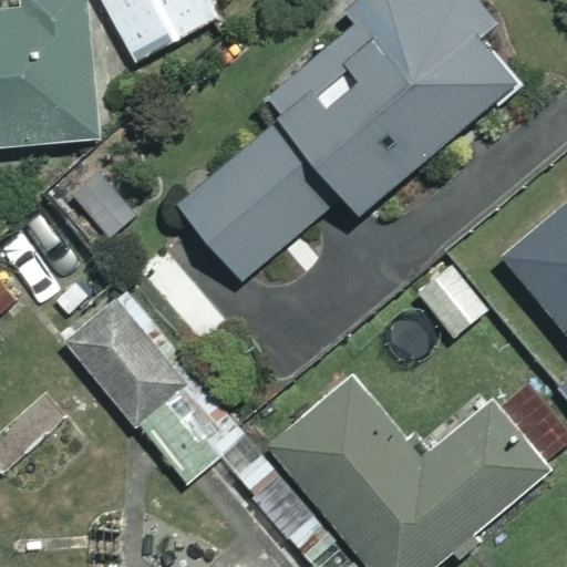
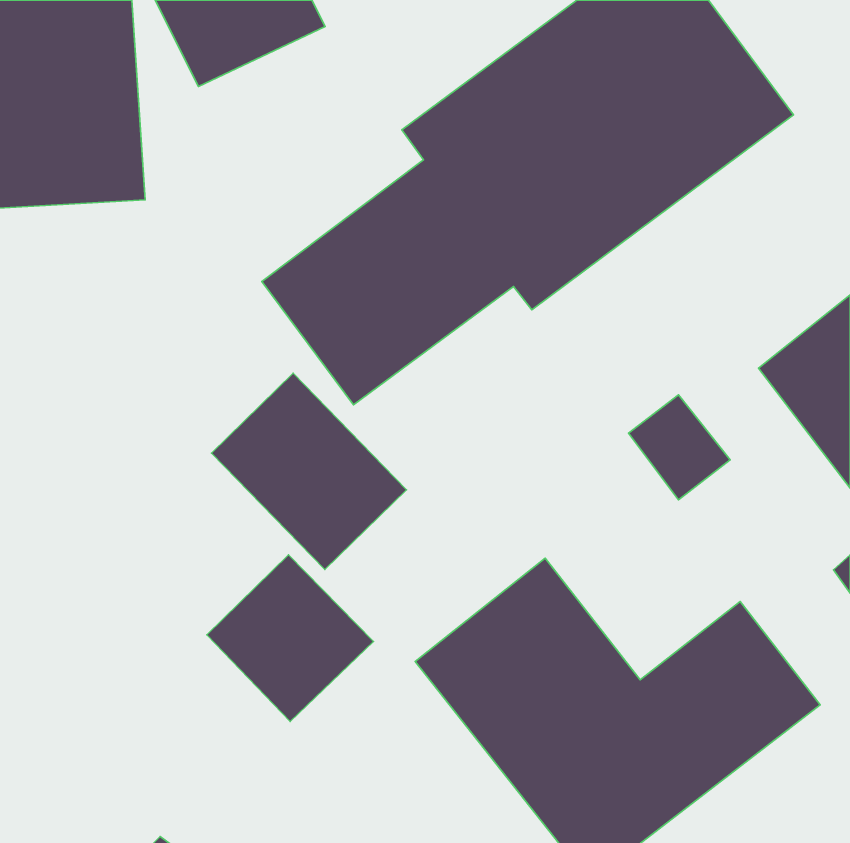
building: [62,297,192,427] -> [211,373,406,570]

